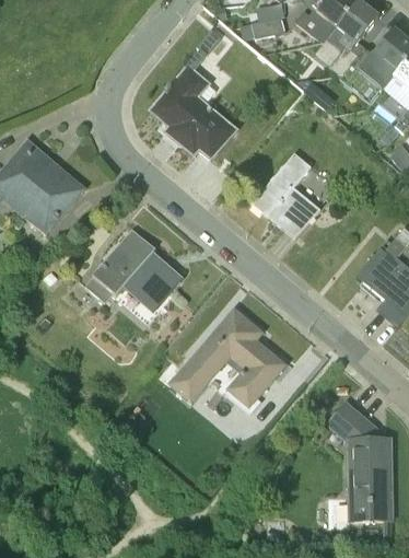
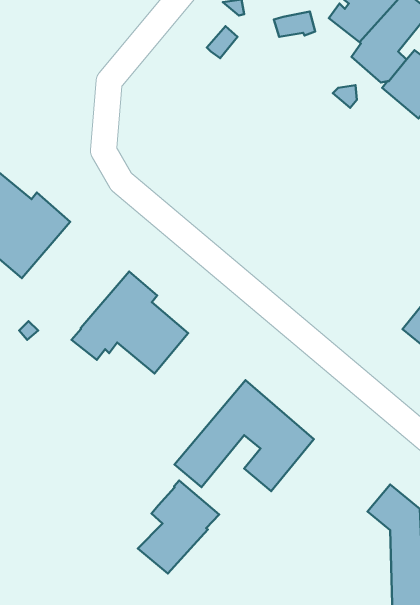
building: [159,65,237,158] -> none
building: [248,151,320,237] -> none
building: none -> [138,481,219,574]

